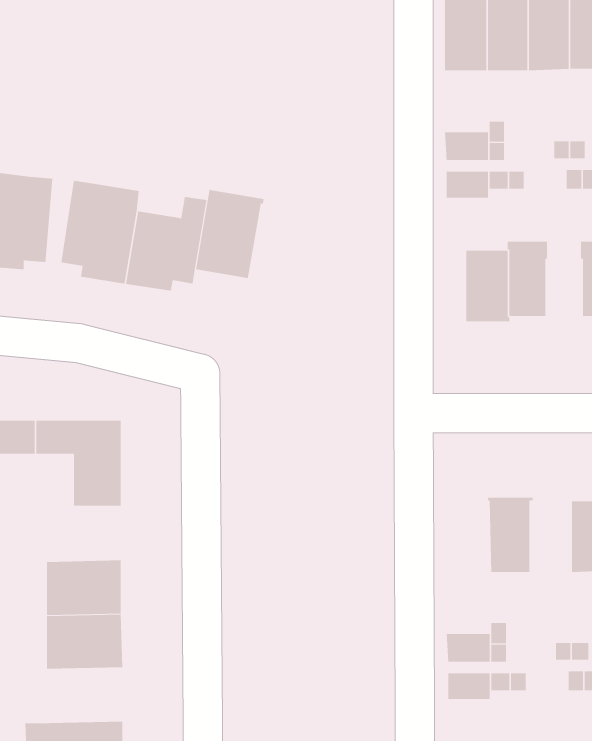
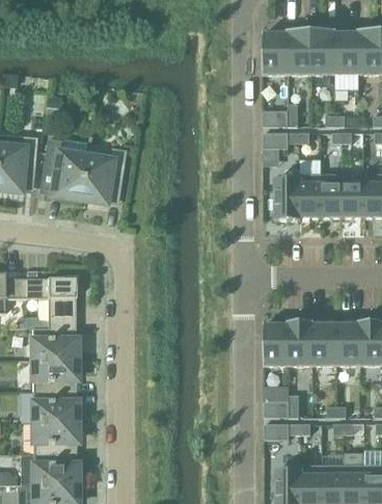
building: [196,189,264,279] -> none
building: none -> [323,184,344,217]
building: none -> [265,324,291,366]
building: none -> [313,324,337,366]
building: none -> [33,327,77,360]
building: none -> [33,421,78,453]

